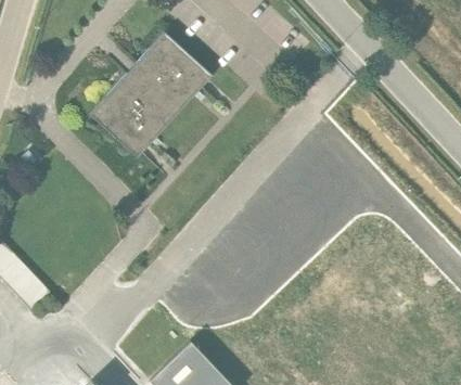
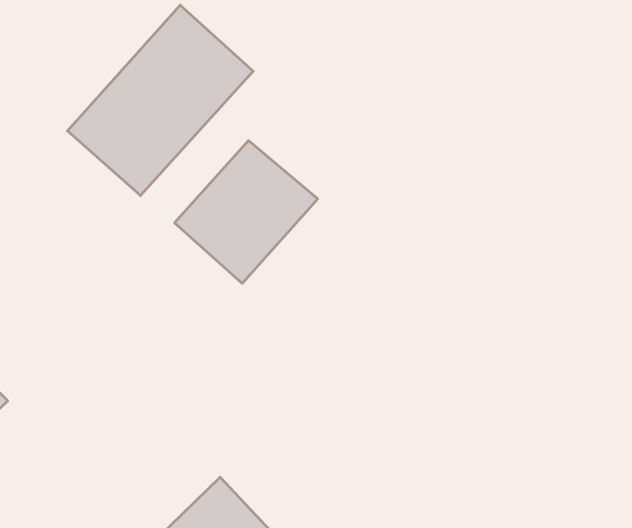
building: none -> [175,141,318,283]

